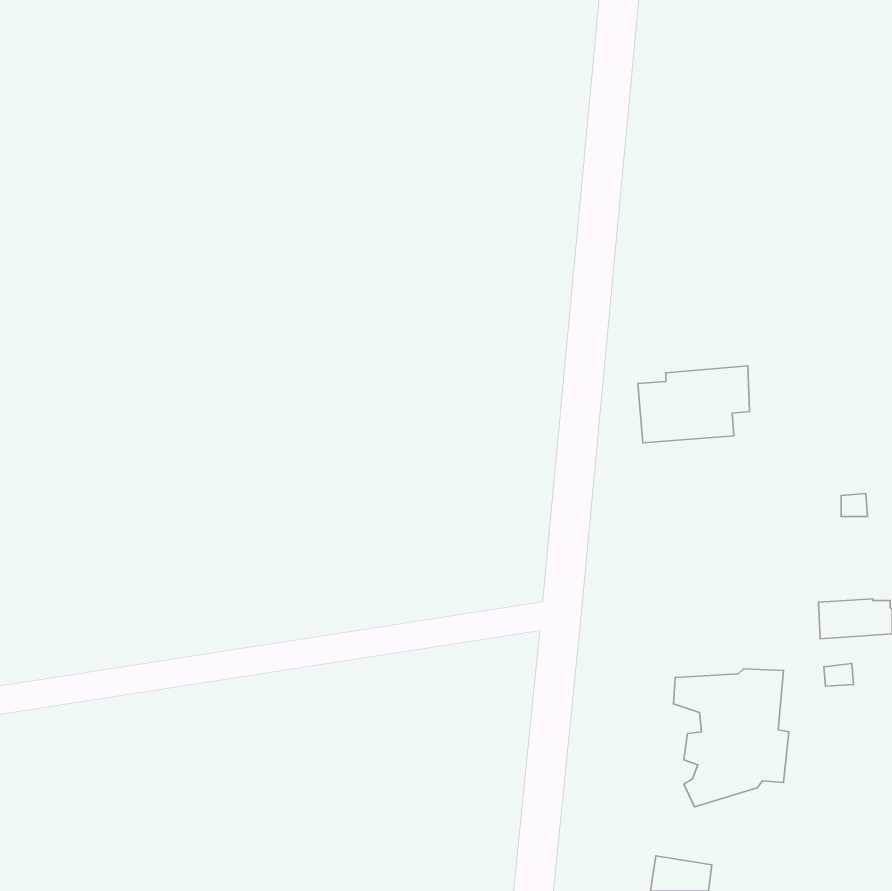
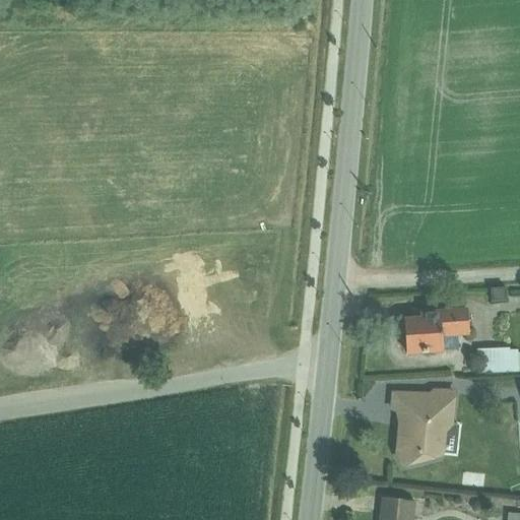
building: [638,366,750,443] -> [402,308,467,352]

